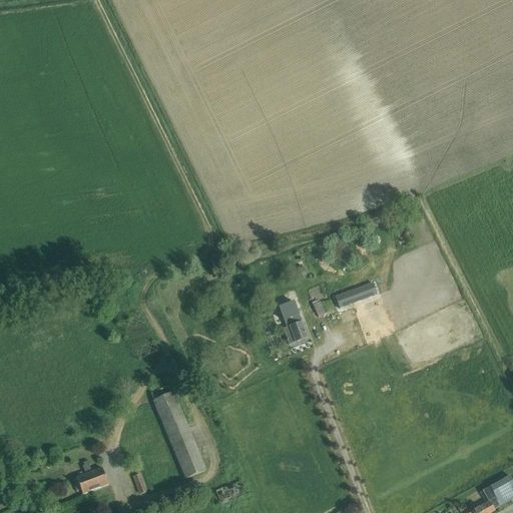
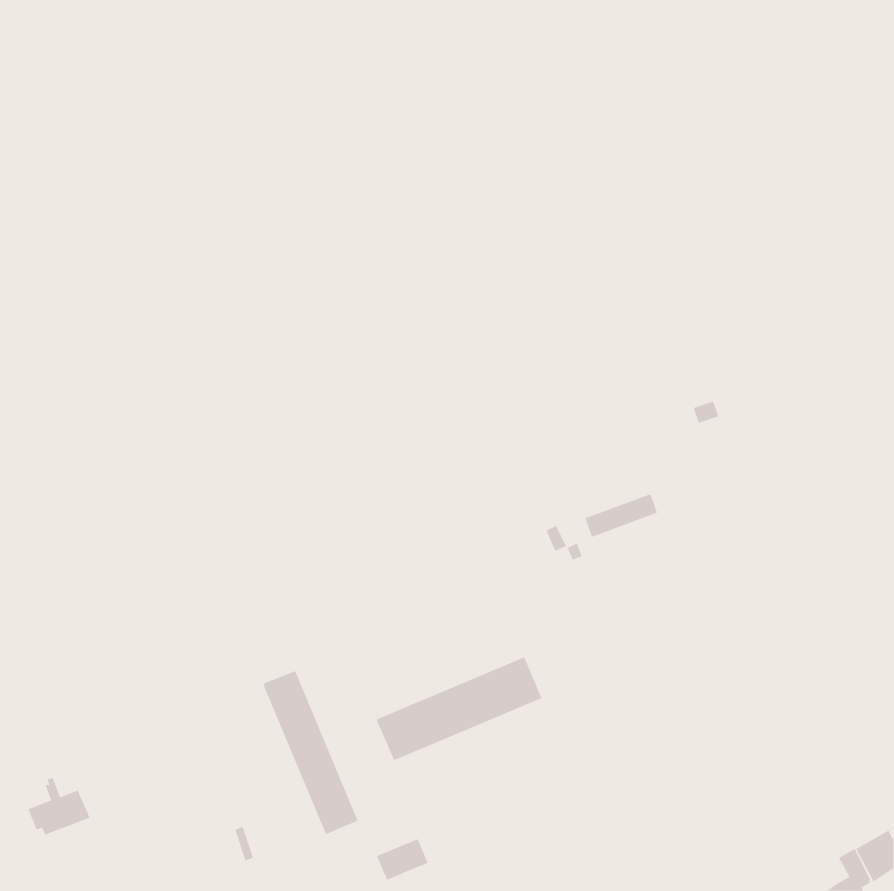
building: [279,301,307,344] -> none
building: none -> [376,657,542,761]
building: [72,460,108,493] -> [27,778,90,835]

